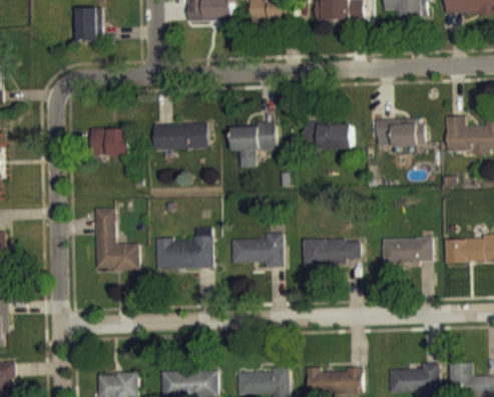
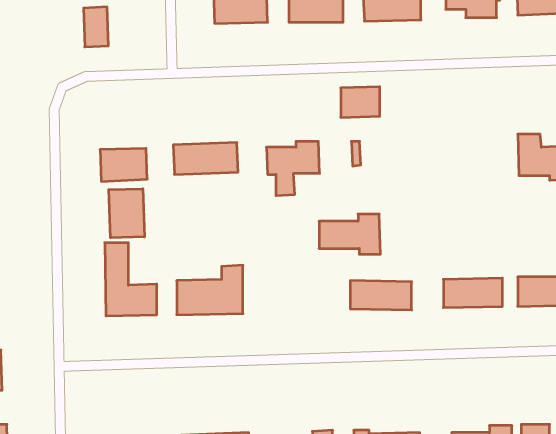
building: [377,117,426,146] -> none
building: [320,123,353,149] -> [341,87,380,117]
building: none -> [109,189,144,238]
building: [231,233,284,267] -> [319,214,380,254]

